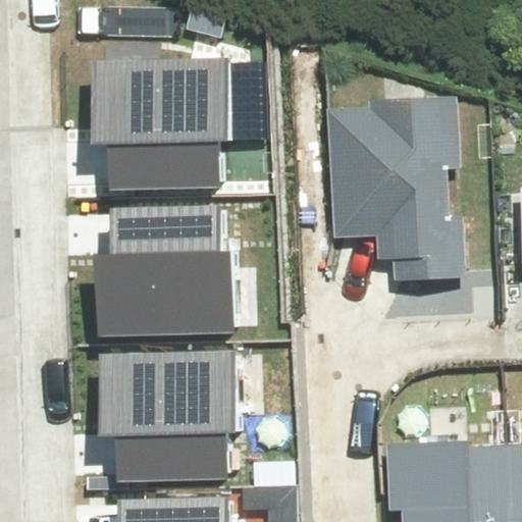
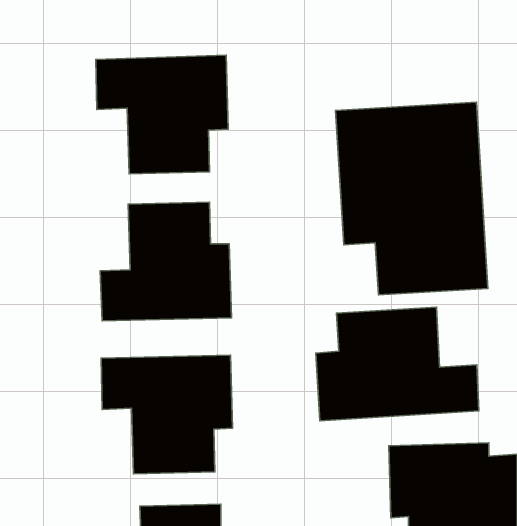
building: none -> [316,307,479,421]

